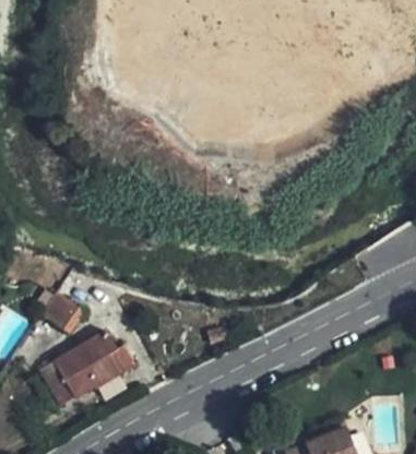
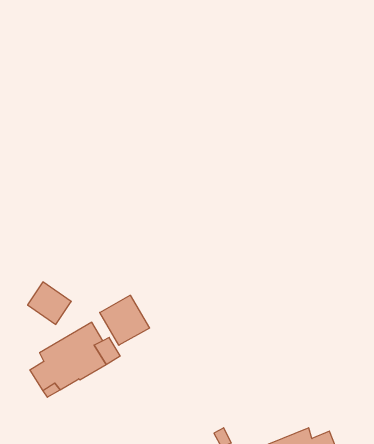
building: none -> [100,295,150,345]

